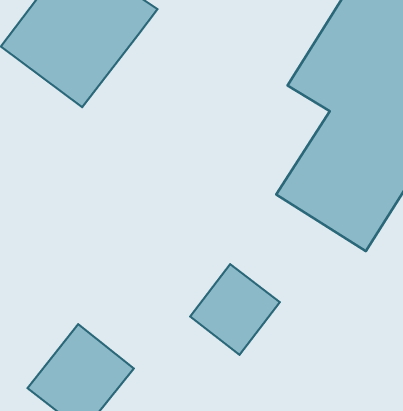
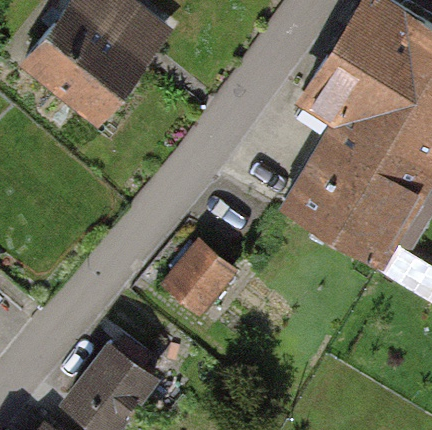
building: [190,264,280,355] -> [151,228,238,316]

